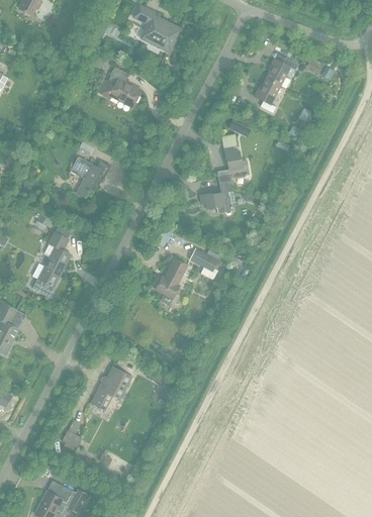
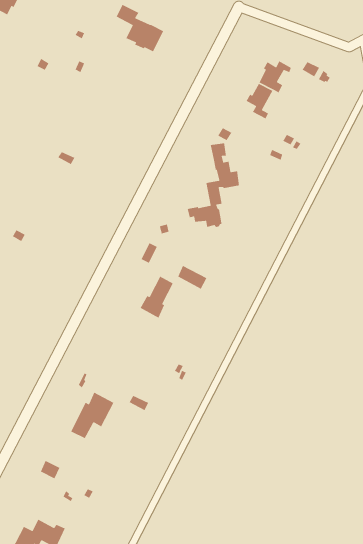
building: [100,67,141,107] -> none
building: [70,157,109,198] -> none
building: [32,230,70,296] -> none

